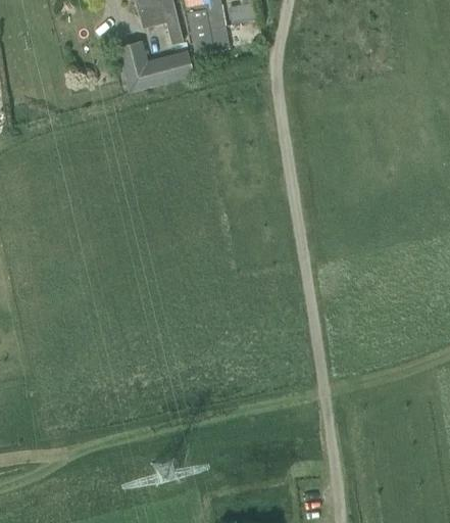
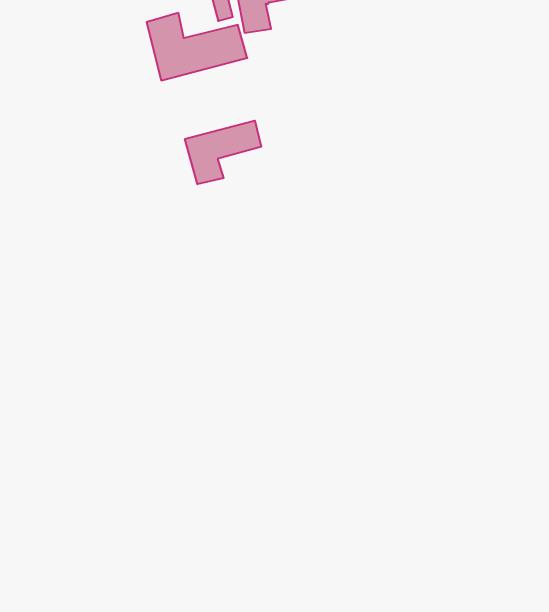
building: none -> [185,121,261,184]

